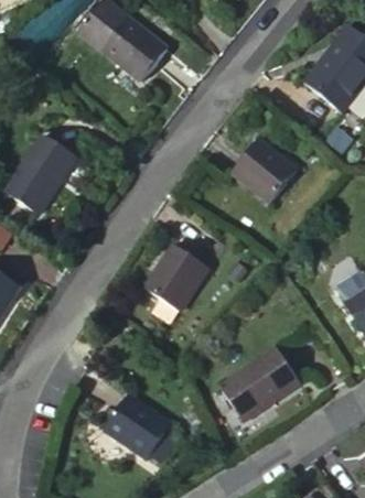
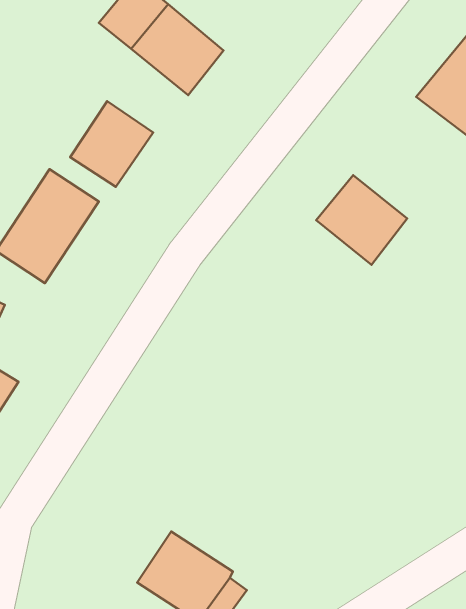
building: none -> [70,101,153,187]
building: [143,243,207,311] -> none
building: [218,347,299,420] -> none

